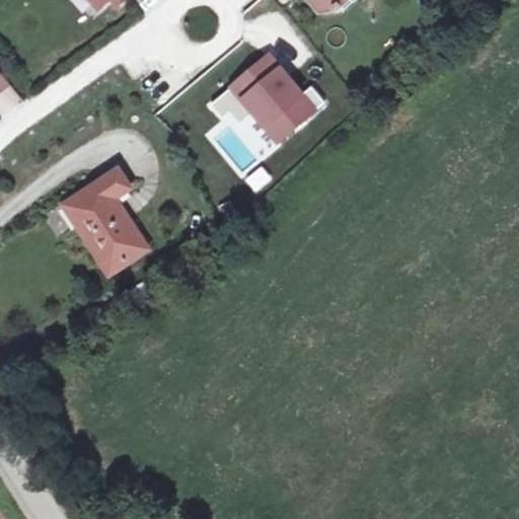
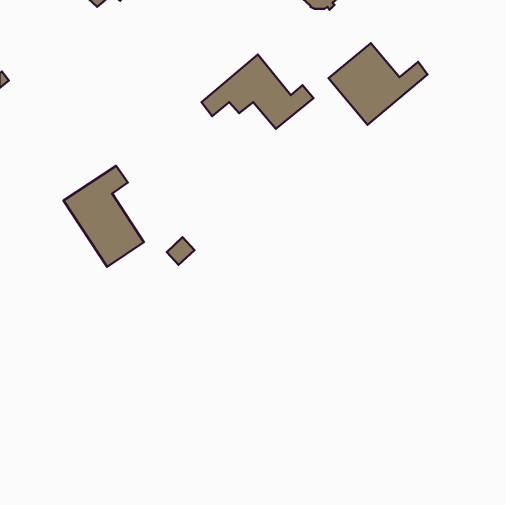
building: none -> [328,43,428,125]

